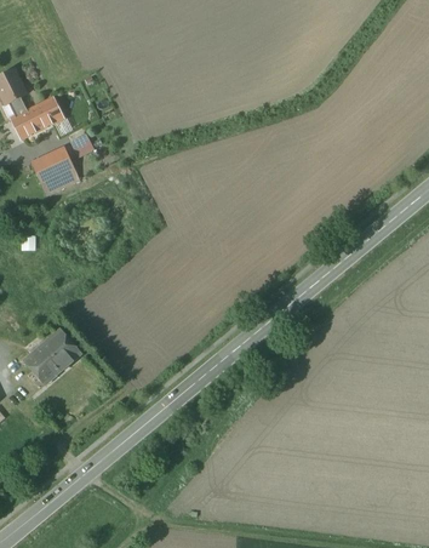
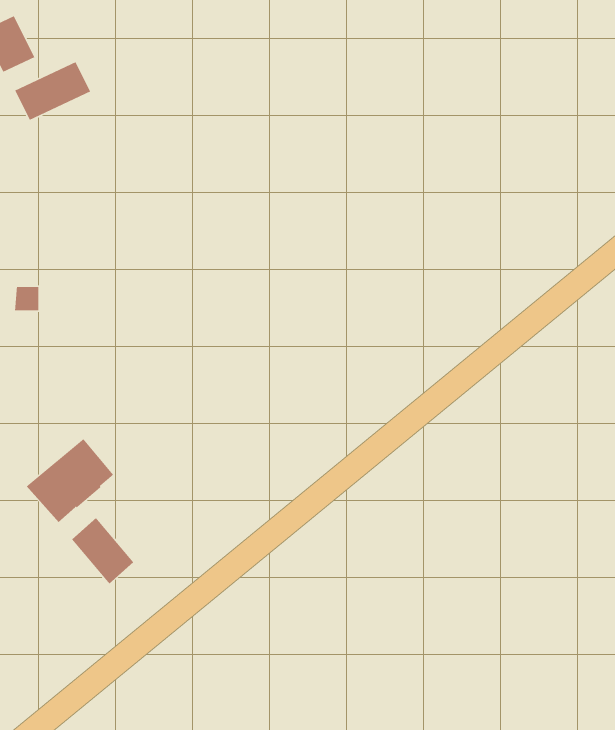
building: [33,139,81,188] -> none
building: none -> [71,517,134,585]

